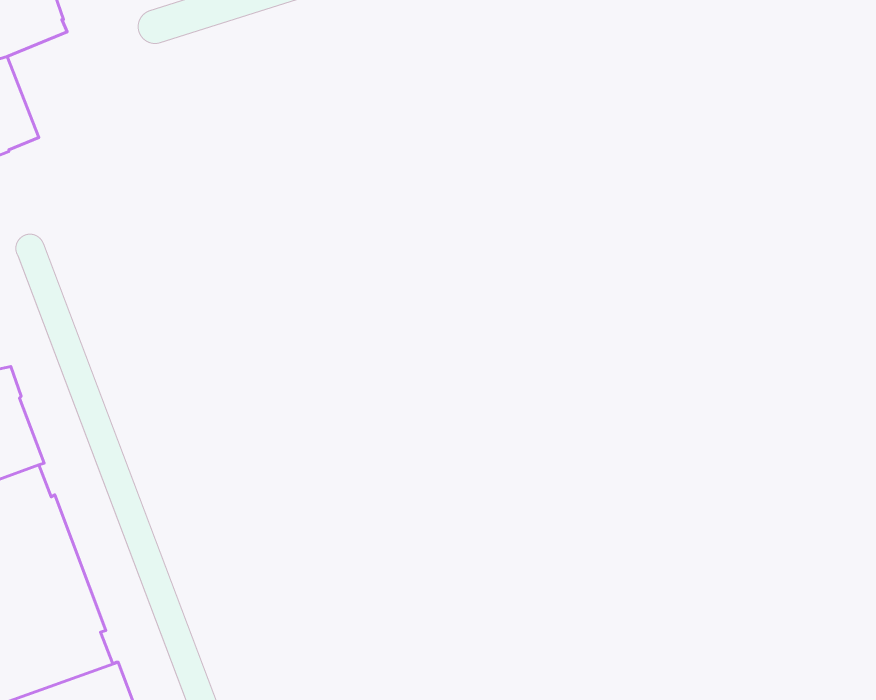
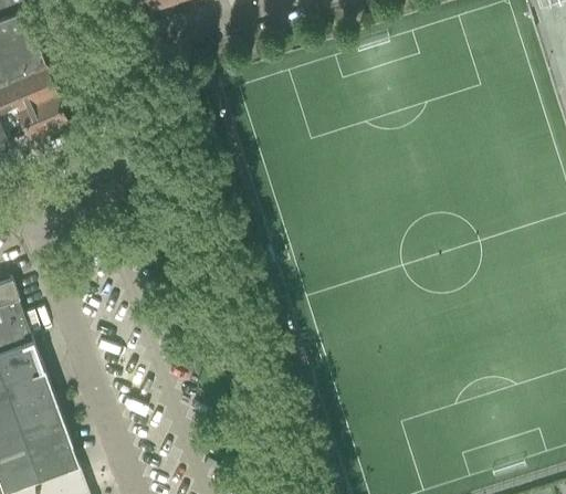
building: none -> [7,66,64,133]

